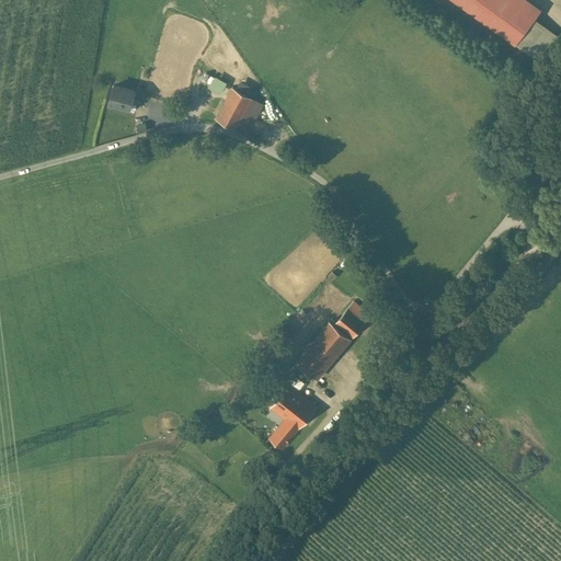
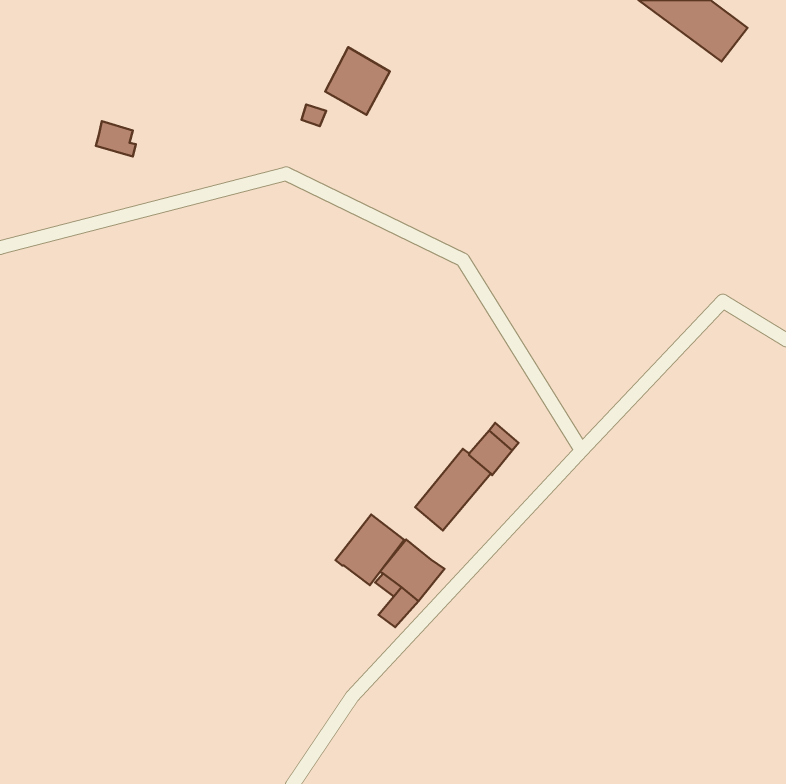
building: [108,85,137,111] -> [96,121,136,157]
building: [216,88,262,136] -> [325,47,390,115]
building: none -> [335,515,404,585]

